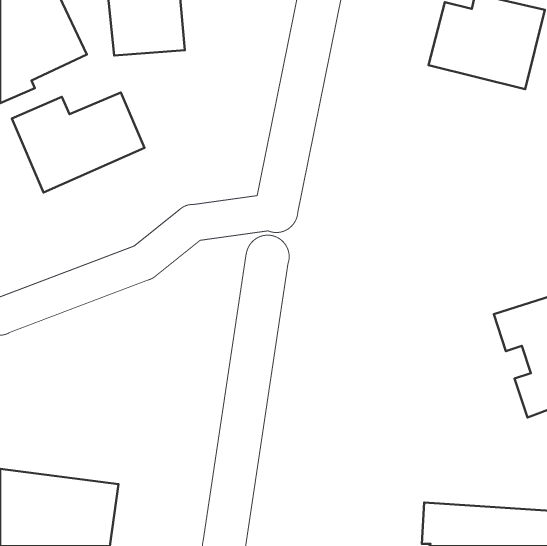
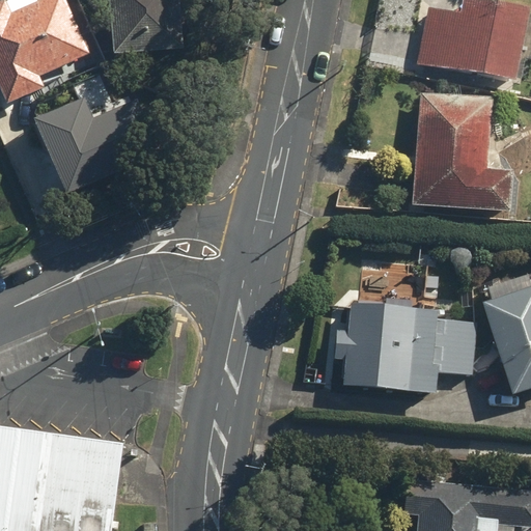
building: none -> [412,88,508,214]
building: none -> [333,292,440,396]
building: none -> [442,312,479,375]

